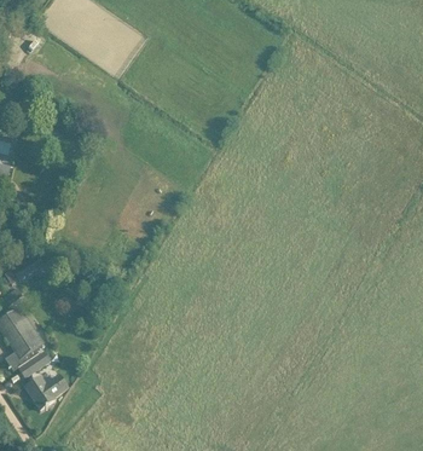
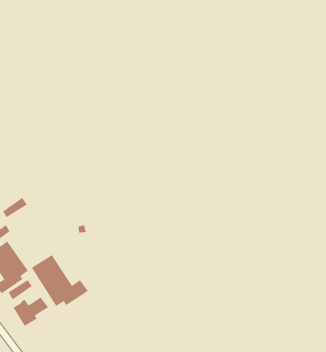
building: none -> [31,254,89,307]

